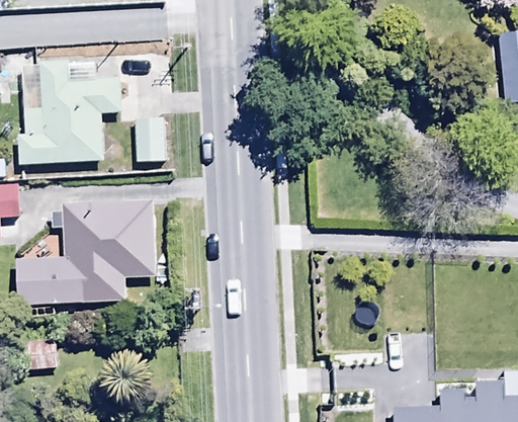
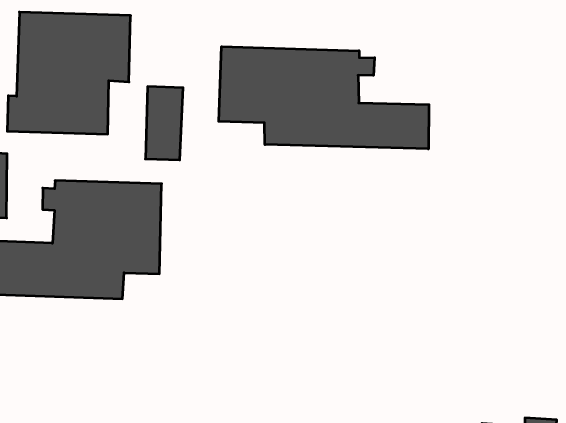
building: none -> [219,47,429,149]

